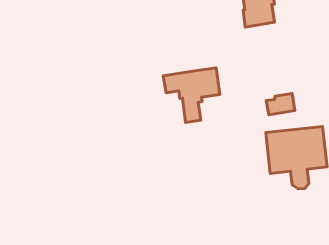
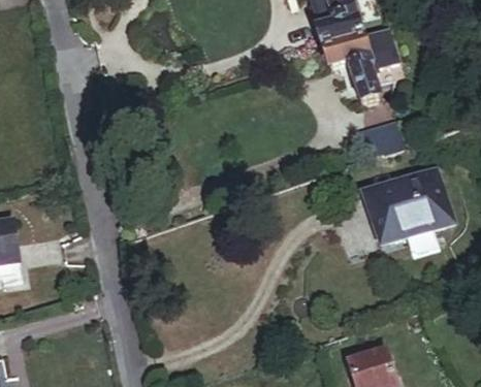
building: [163,68,220,122] -> [326,32,402,107]

